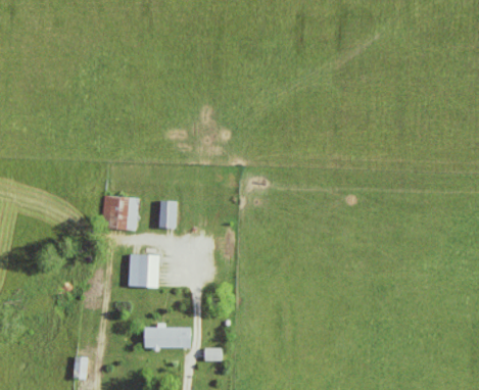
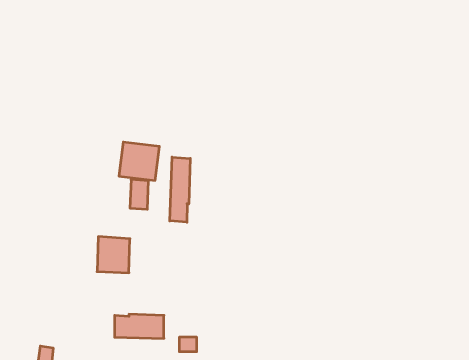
building: none -> [170,157,190,222]
building: [101,195,139,231] -> [119,142,159,180]

